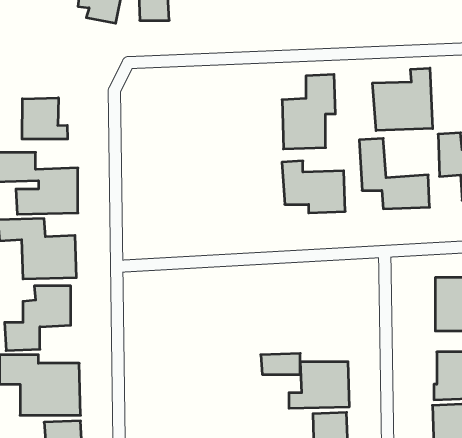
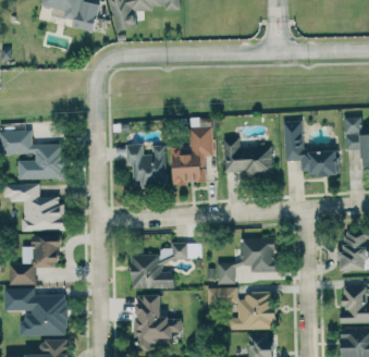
building: [373,68,433,131] -> none
building: [282,74,335,149] -> [172,126,213,184]
building: [22,98,68,139] -> none
building: none -> [126,144,167,187]
building: none -> [218,237,275,284]
building: none -> [131,243,201,288]
building: none -> [136,295,182,346]

